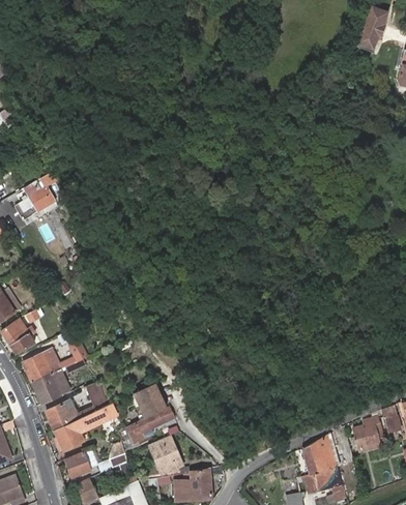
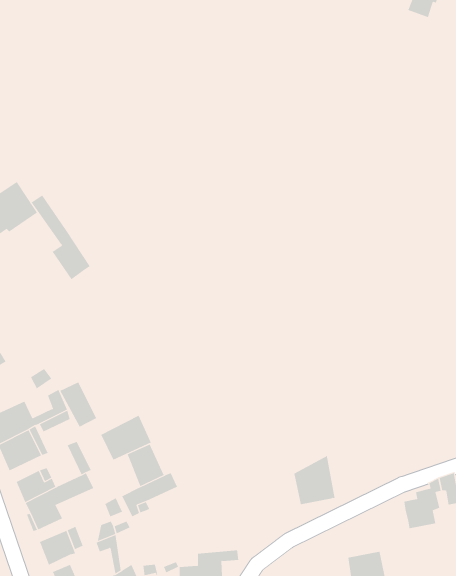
building: none -> [31,195,91,280]
building: none -> [60,382,97,427]
building: none -> [101,415,151,461]
building: [304,434,338,473] -> [294,455,335,505]
building: [156,436,184,471] -> none

